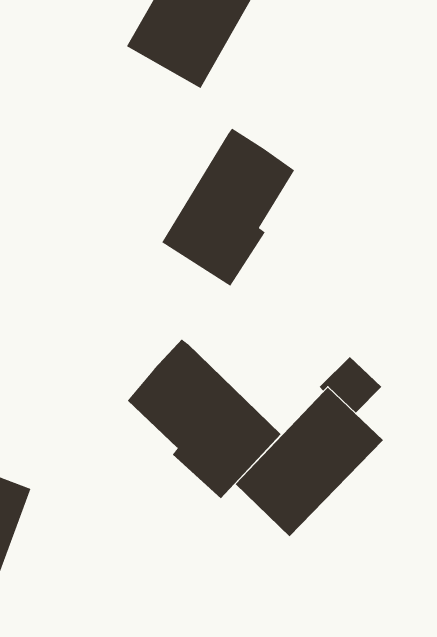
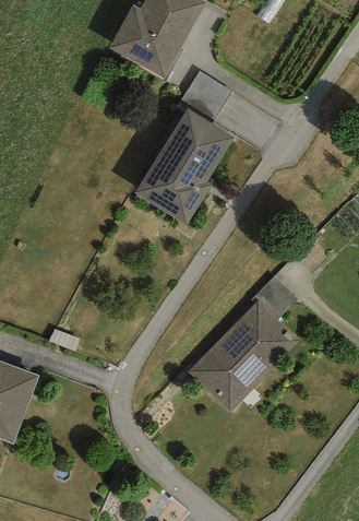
building: none -> [177,72,230,122]
building: [127,339,281,499] -> none

